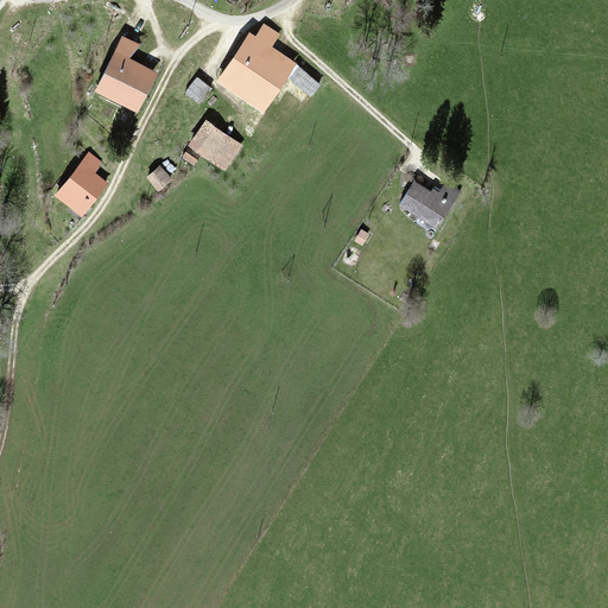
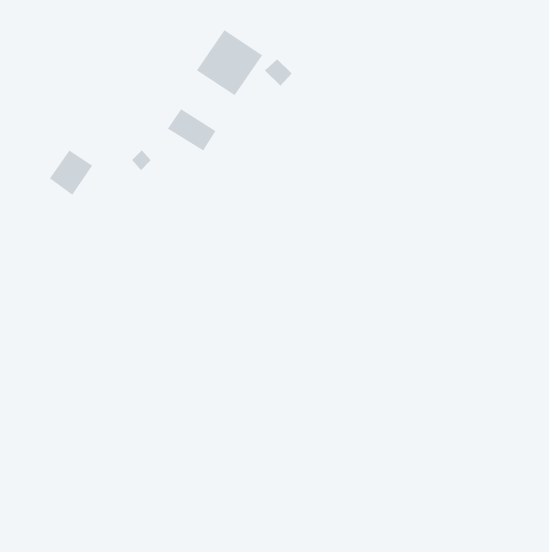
building: [90,51,152,109] -> none
building: [401,183,455,227] -> none

